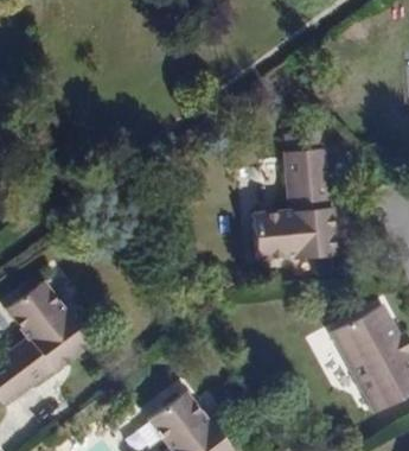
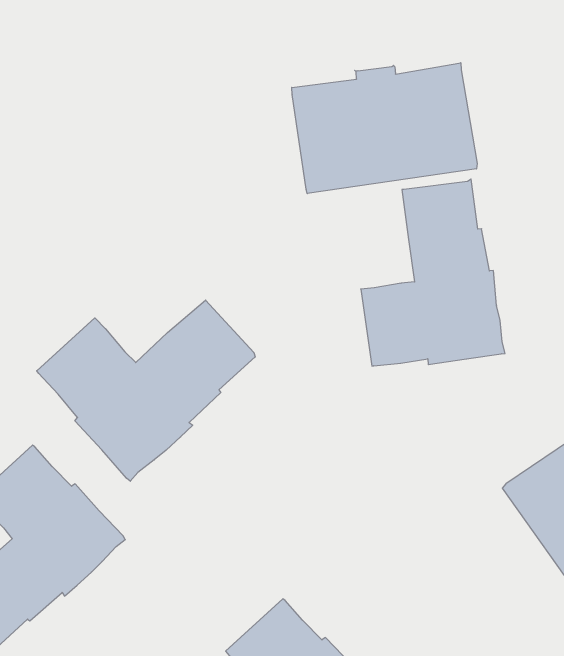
building: none -> [292,63,477,194]
building: none -> [37,300,255,481]

